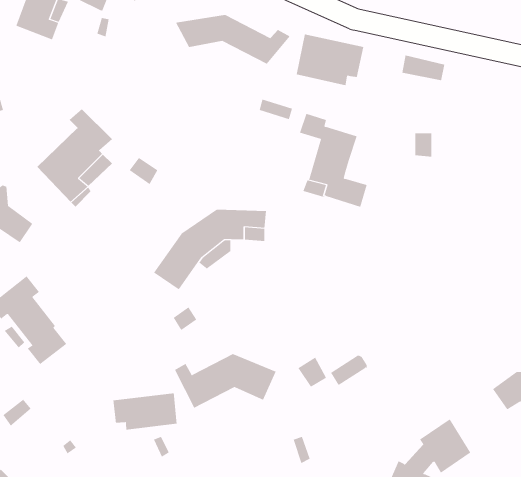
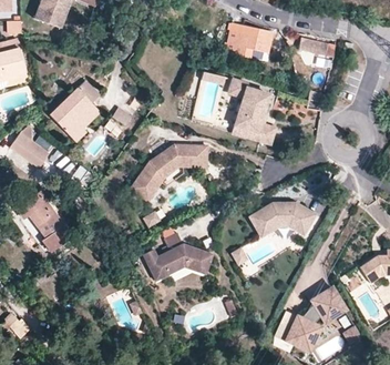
building: [175,14,290,65] -> none
building: none -> [250,200,317,233]
building: [113,393,177,430] -> none

